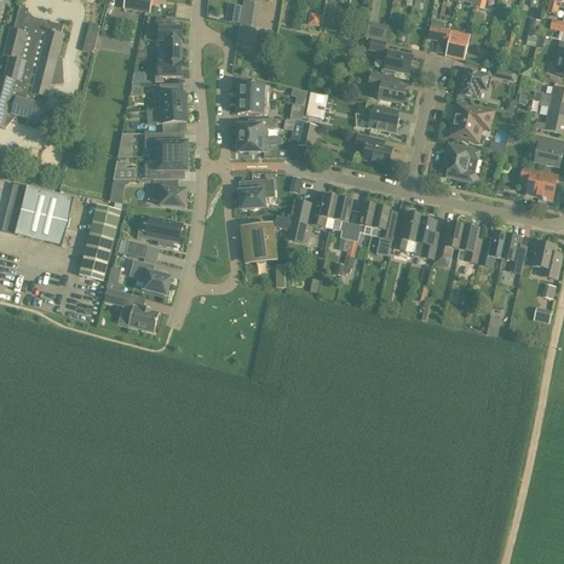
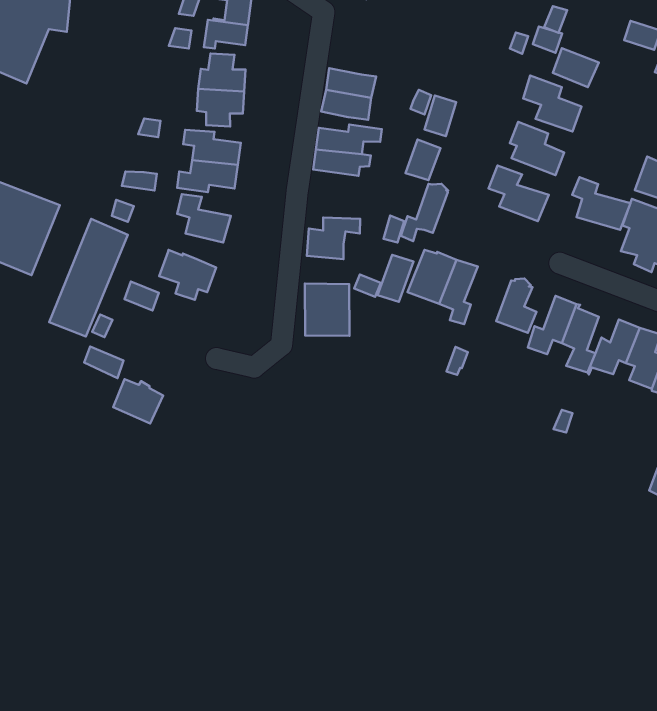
building: none -> [572,177,630,230]
building: [349,200,375,240] -> [401,184,448,241]
building: [130,259,171,294] -> none

